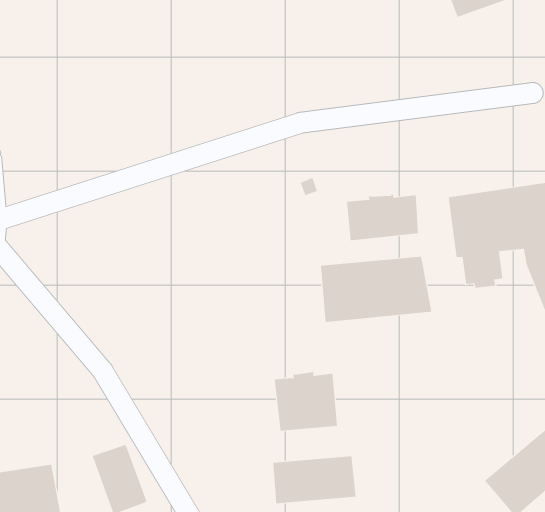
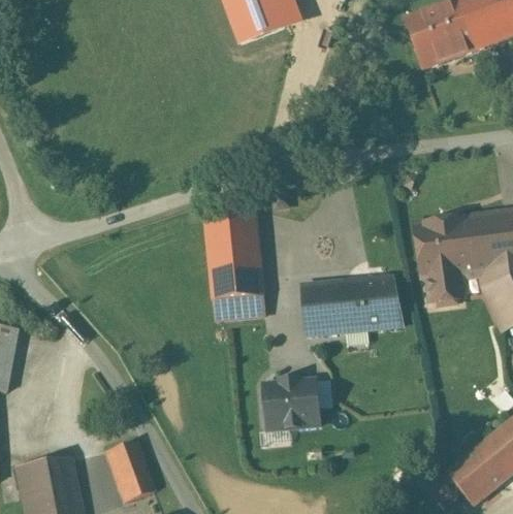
building: none -> [205,210,264,319]
building: [346,194,418,241] -> none
building: [273,456,356,504] -> none

